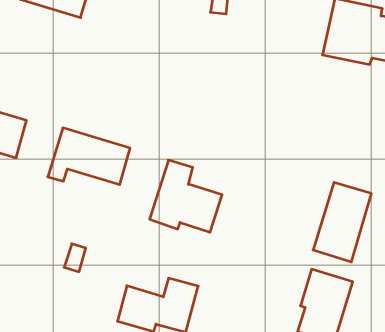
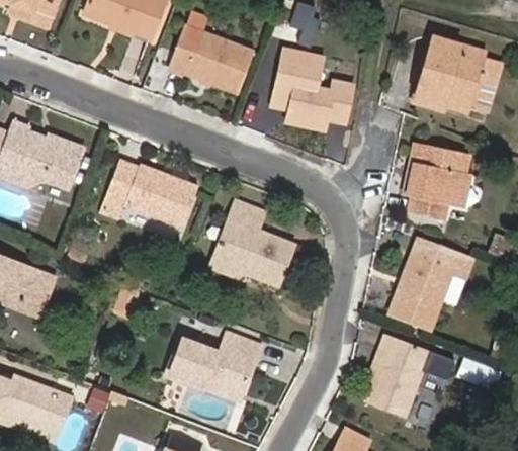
building: none -> [168,26,254,93]
building: none -> [274,49,353,129]
building: none -> [407,142,469,218]

